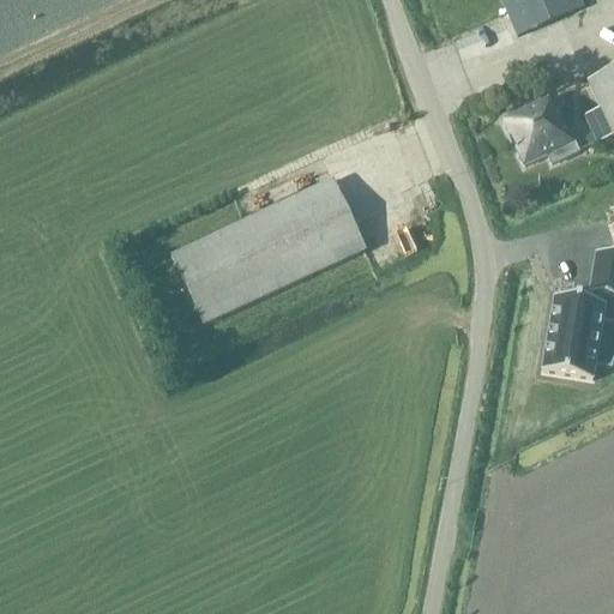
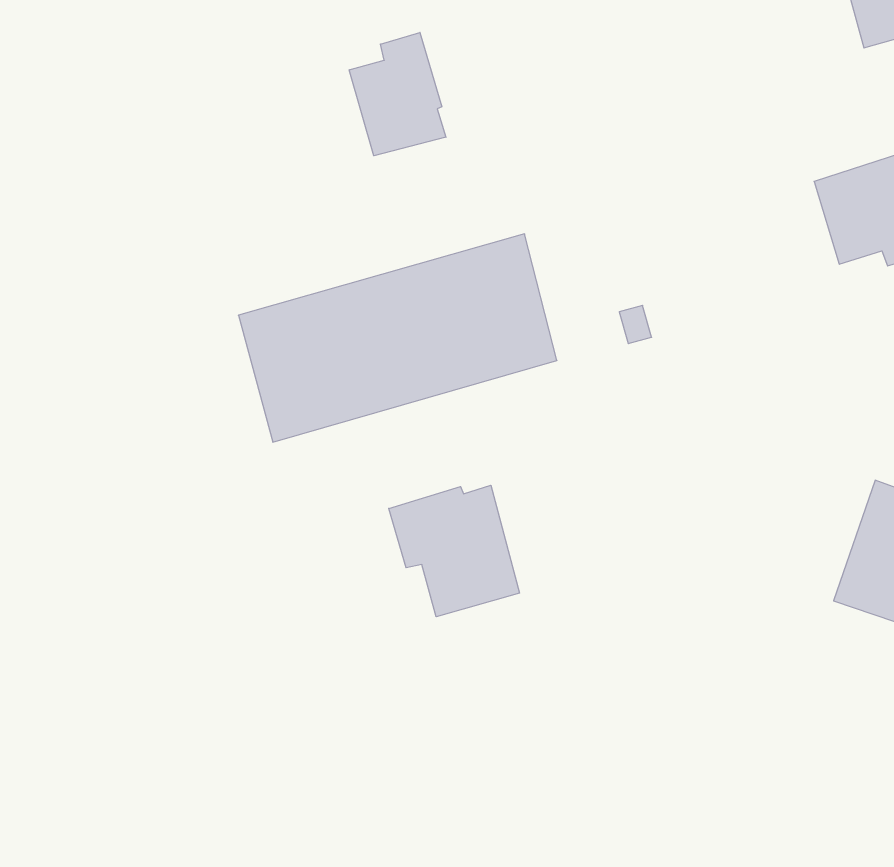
building: none -> [349,32,446,156]
building: none -> [389,485,520,617]

